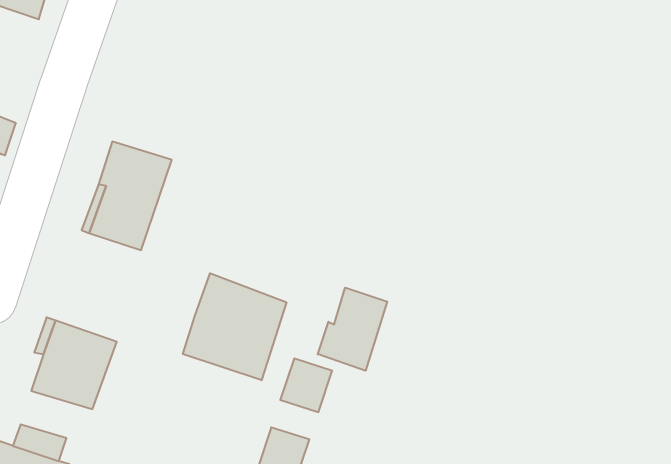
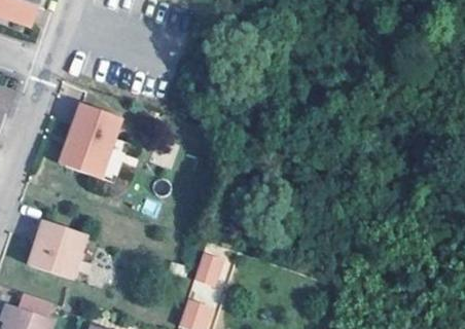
building: [183,273,286,380] -> none
building: [318,288,387,371] -> none

